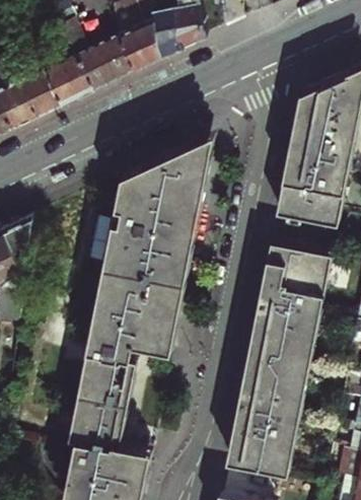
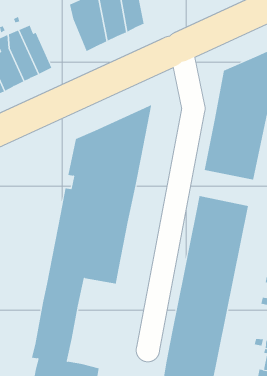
building: [77,32,135,91] -> none

